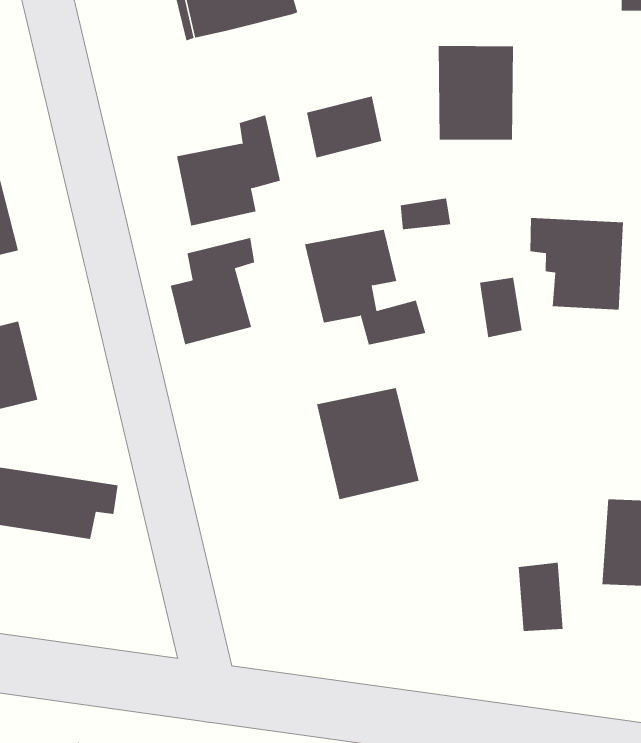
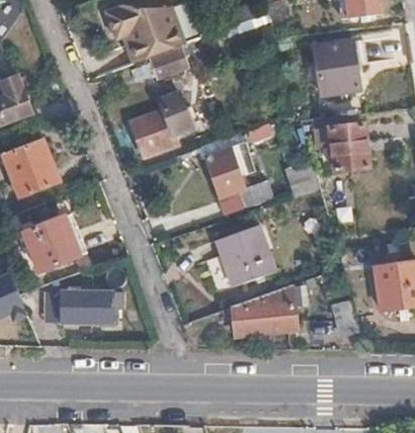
building: [438,46,514,140] -> [313,41,357,94]
building: [306,96,382,158] -> [149,42,189,78]
building: [170,237,255,345] -> none
building: none -> [233,283,298,333]

